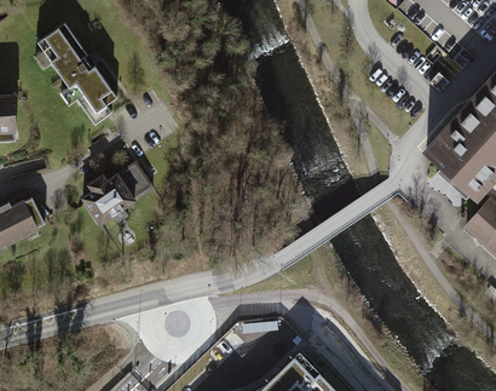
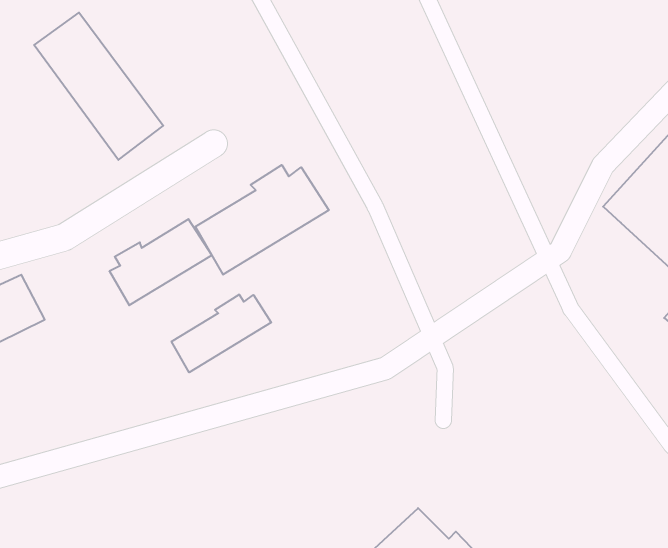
building: none -> [196,165,329,275]
building: none -> [172,294,271,372]

